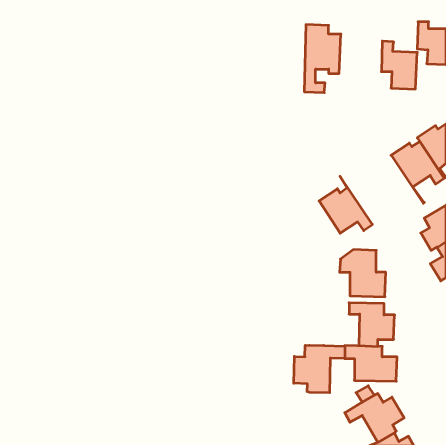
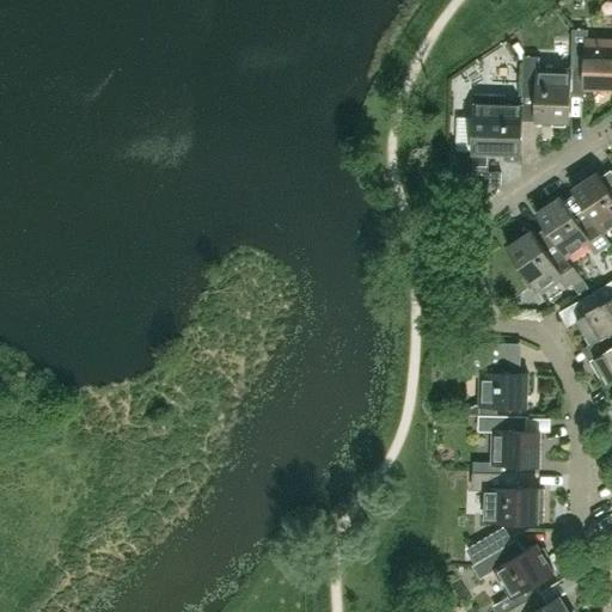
building: [304,25,341,93] -> [472,94,522,188]
building: [319,176,372,233] -> [507,214,580,292]
building: [294,345,345,393] -> none

